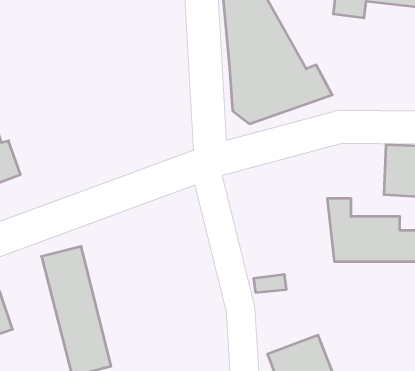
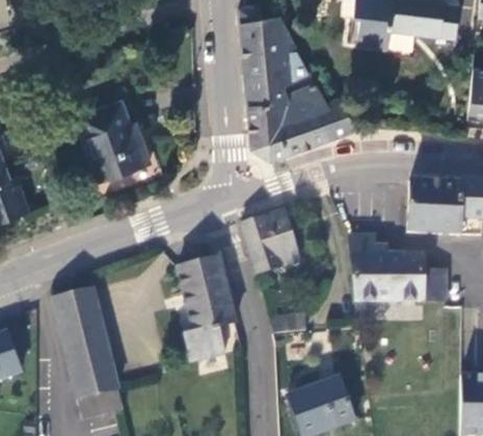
building: none -> [81,100,155,180]
building: none -> [240,211,297,274]
building: none -> [170,253,235,362]

